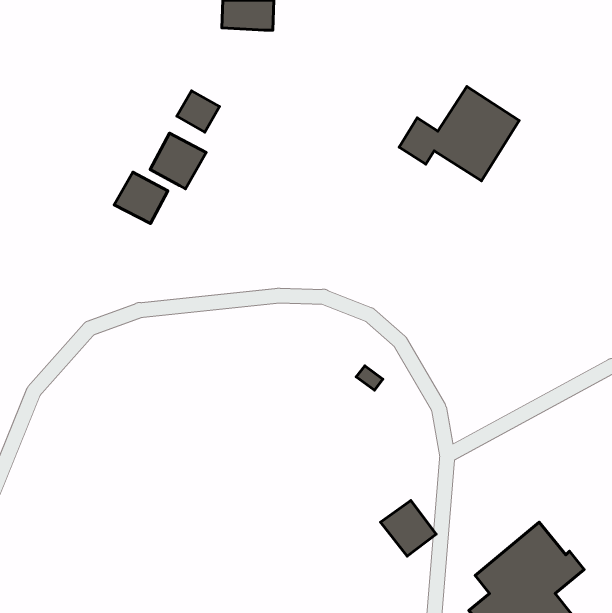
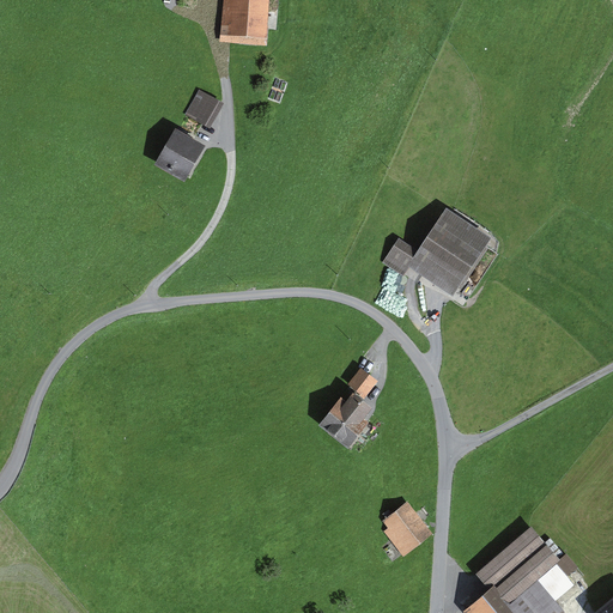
building: [399,86,519,181] -> [378,204,497,297]
building: [114,172,168,223] -> none
building: none -> [321,390,378,449]

